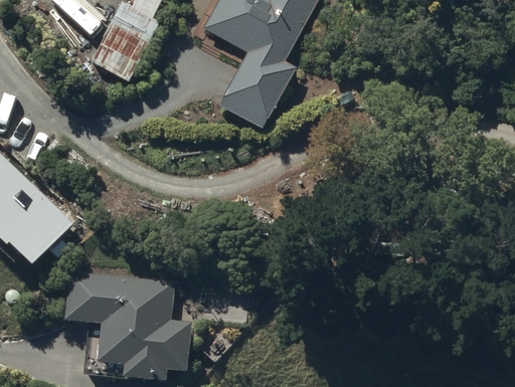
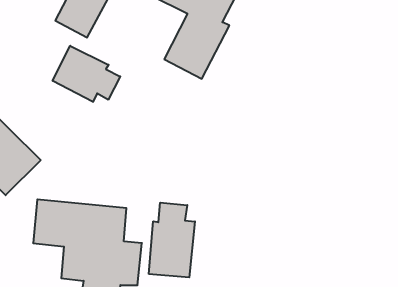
building: none -> [53,46,120,102]
building: none -> [149,203,195,277]

